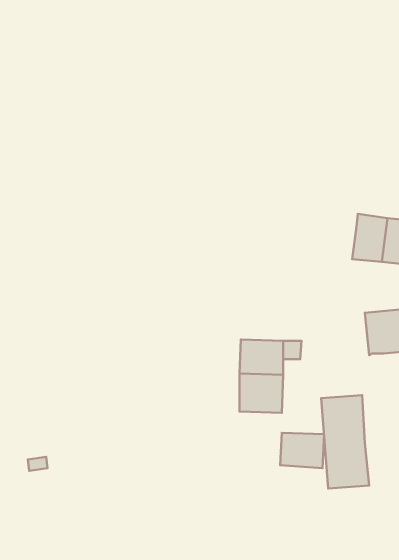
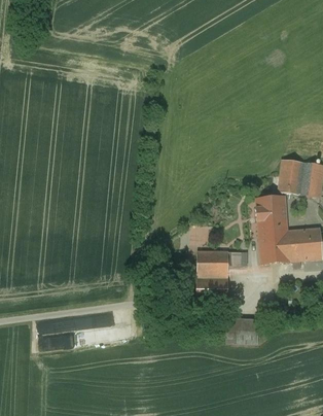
building: [321,395,369,488] -> [255,196,290,264]

